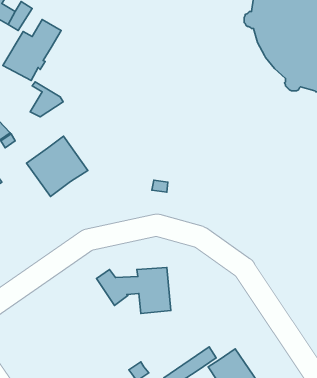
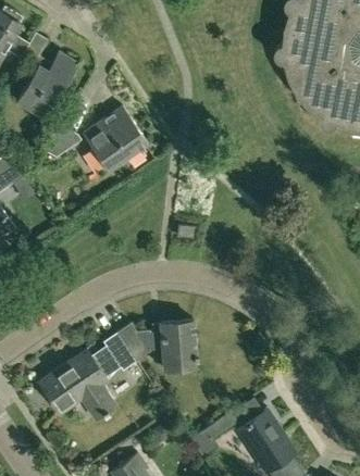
building: [26,136,88,196] -> [82,105,148,171]
building: none -> [38,331,136,419]

